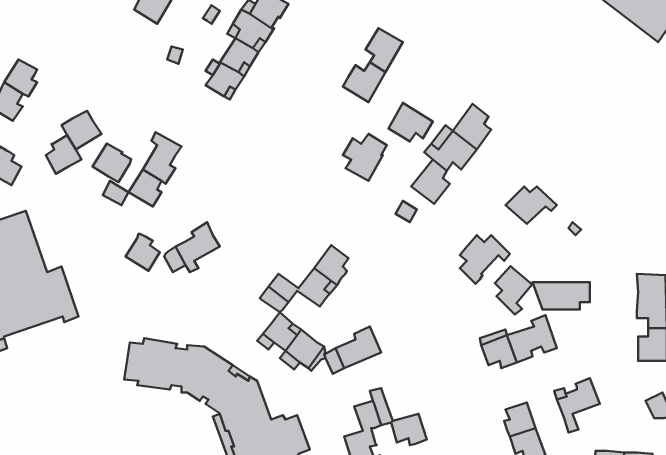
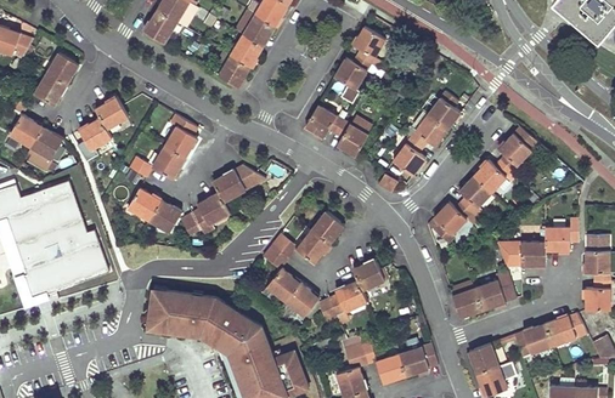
building: none -> [143,11,176,44]
building: [389,103,433,141] -> [305,104,343,137]
building: [93,144,131,182] -> [128,188,160,221]
building: none -> [498,127,538,177]
building: none -> [213,165,266,203]
building: none -> [545,221,579,251]
building: [495,266,532,315] -> [459,177,491,218]
building: none -> [352,263,389,291]
building: none -> [545,314,587,346]
building: none -> [399,343,438,376]

